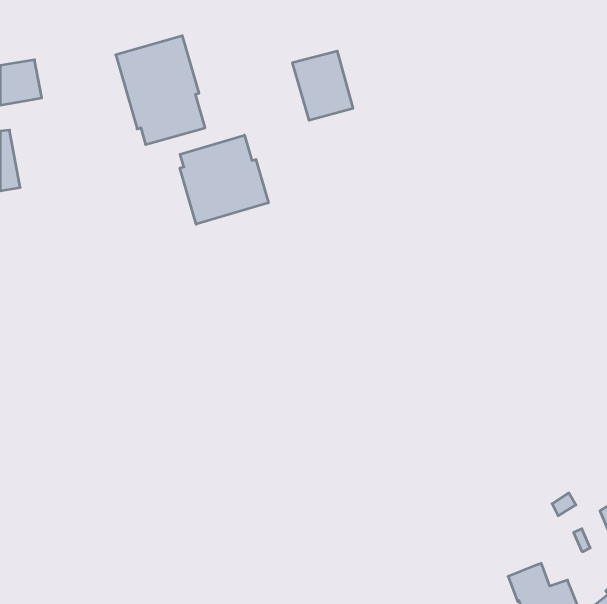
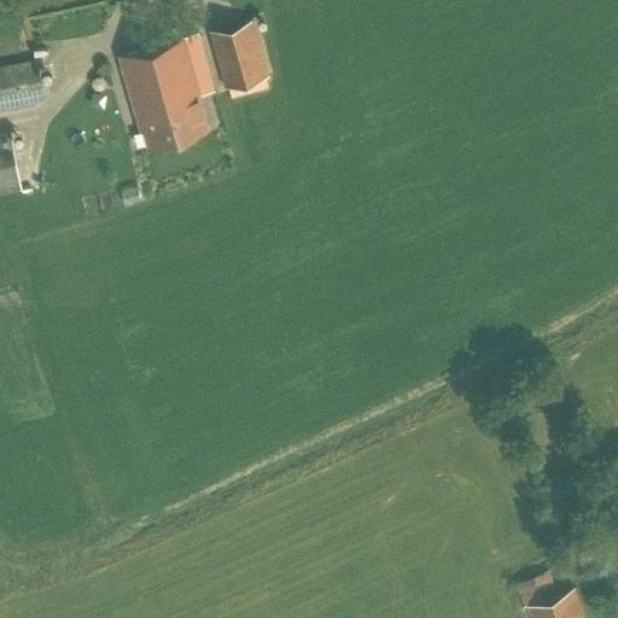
building: [292,51,353,120] -> [210,24,272,94]
building: [180,135,268,224] -> none

